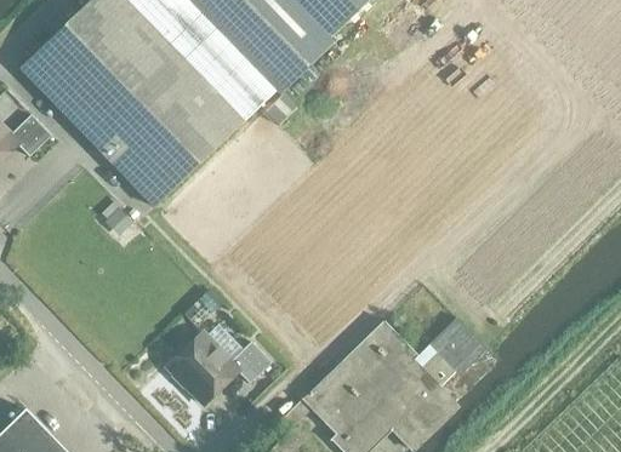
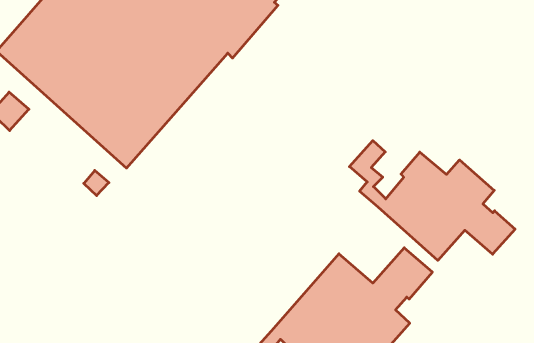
building: none -> [349,141,515,260]
building: [169,325,270,400] -> none

